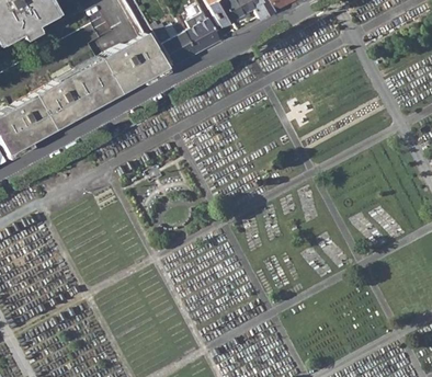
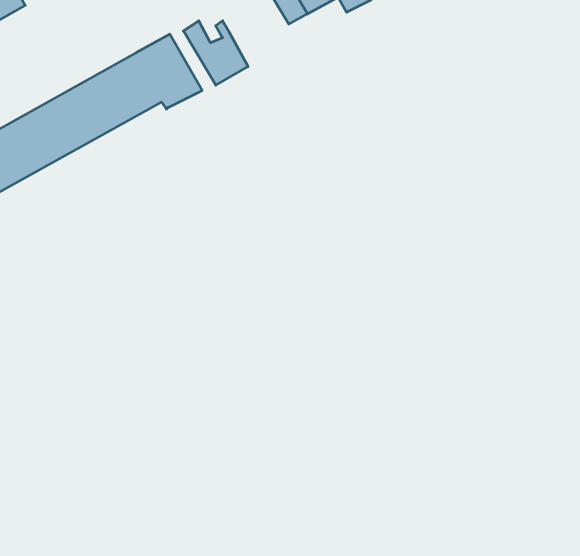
building: [181,19,218,55] -> none

